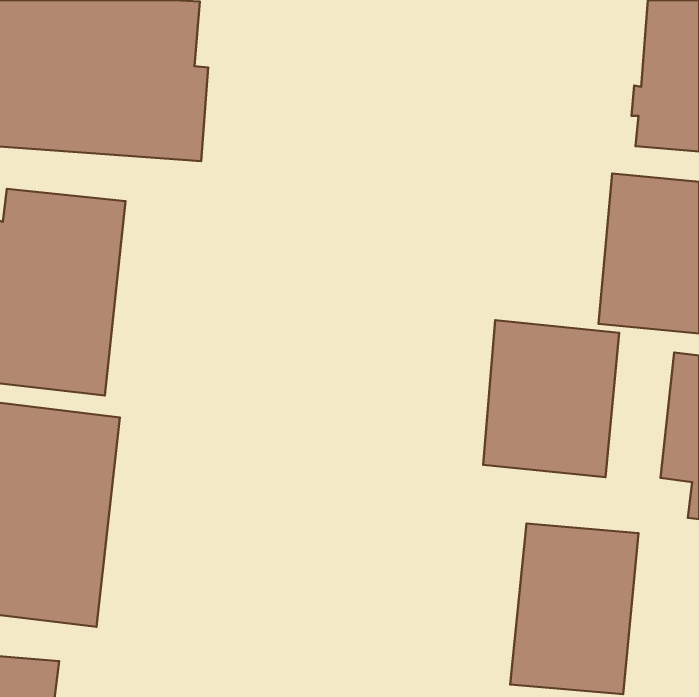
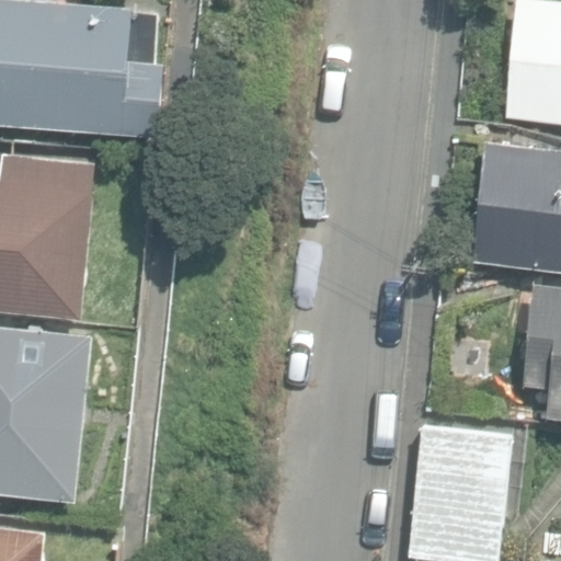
building: [483,320,619,477] -> none

